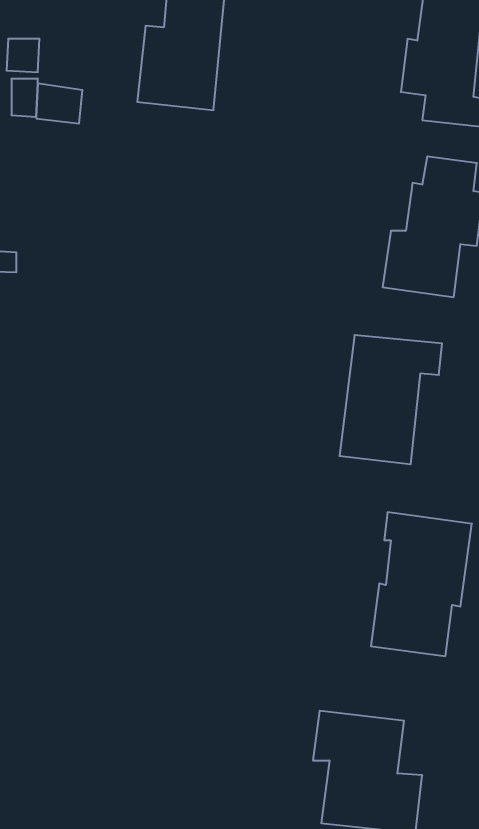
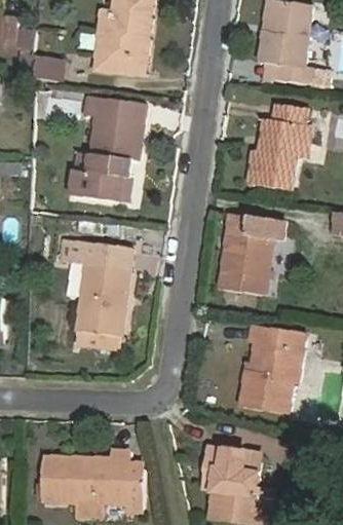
building: none -> [71,96,145,199]
building: none -> [61,238,131,337]
building: none -> [42,450,144,505]

